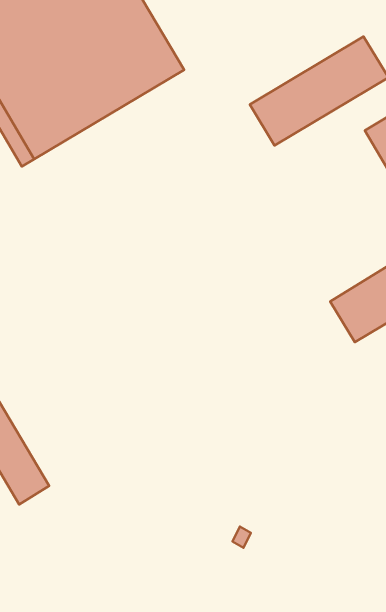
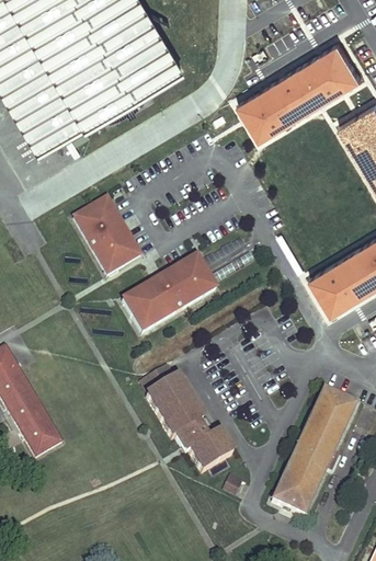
building: none -> [73,197,141,275]
building: none -> [123,256,216,333]
building: none -> [140,365,232,472]
building: none -> [272,390,356,516]

